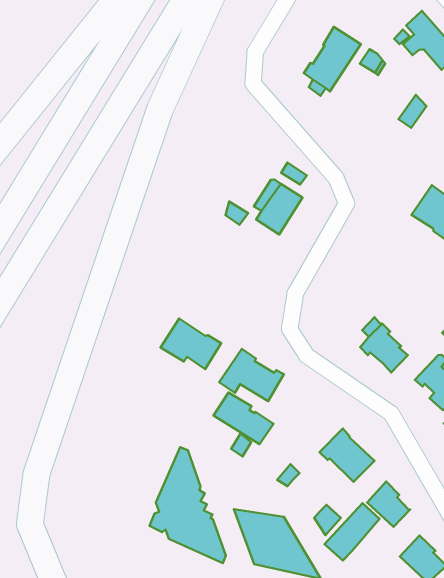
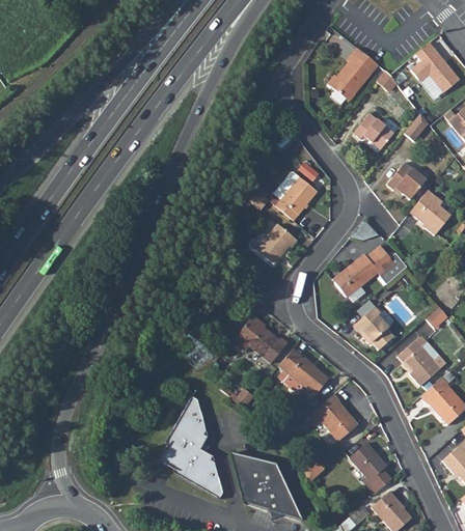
building: none -> [352,114,392,150]
building: none -> [387,164,426,200]
building: none -> [255,226,296,266]
building: none -> [333,246,406,298]
building: [161,318,221,369] -> none
building: [214,393,273,444] -> [278,348,329,395]
building: [325,503,379,561] -> none

